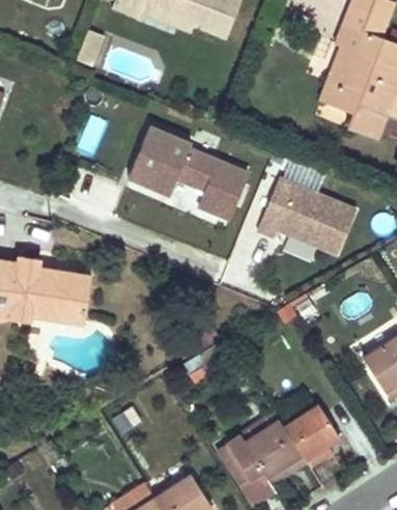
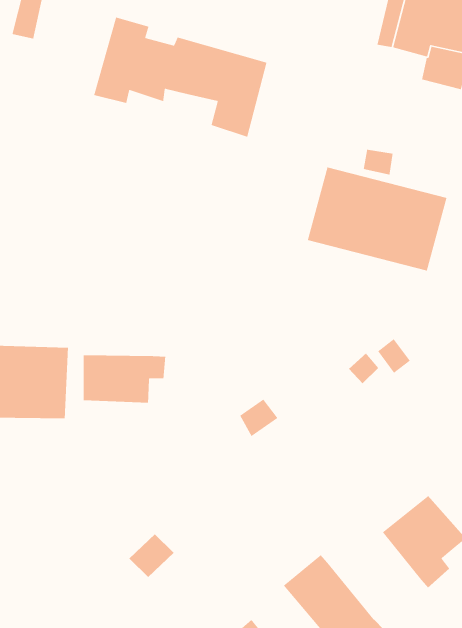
building: [127,128,247,220] -> [93,17,268,138]
building: none -> [83,355,166,403]
building: [245,420,305,483] -> none

